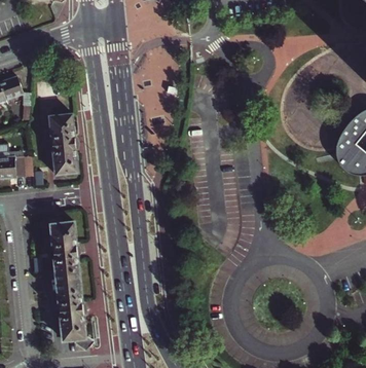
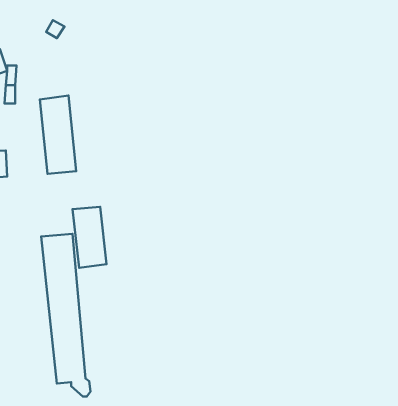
building: none -> [72,207,107,268]

